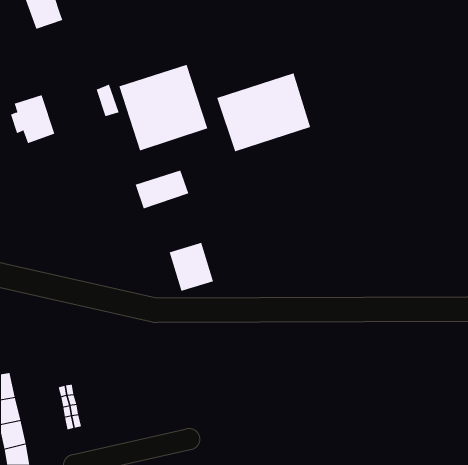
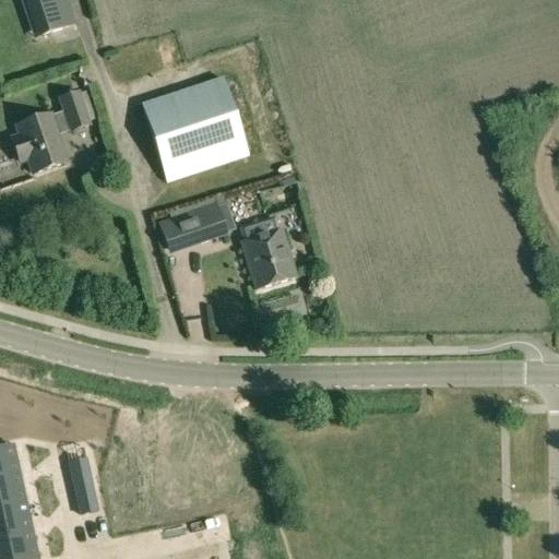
building: [217,72,311,152] -> none
building: [96,84,120,117] -> [61,90,90,129]
building: [169,242,214,292] -> [242,228,296,287]

